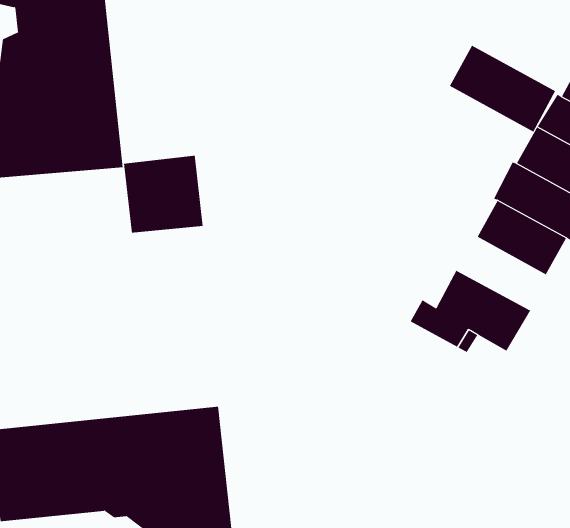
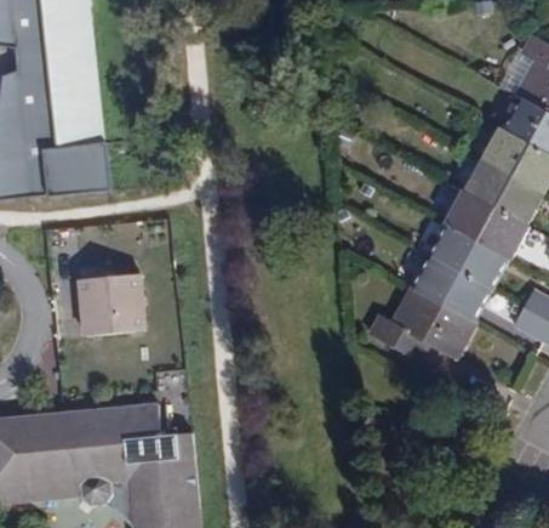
building: [449,45,556,132] -> none
building: [123,155,204,233] -> [87,271,159,340]
building: none -> [407,255,486,319]

